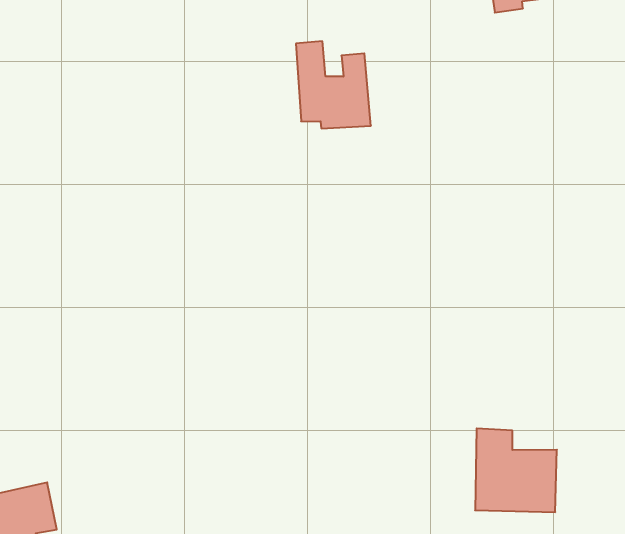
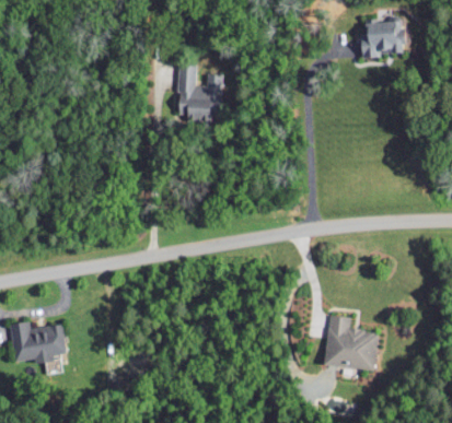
building: [296,41,371,128] -> [179,66,222,120]

